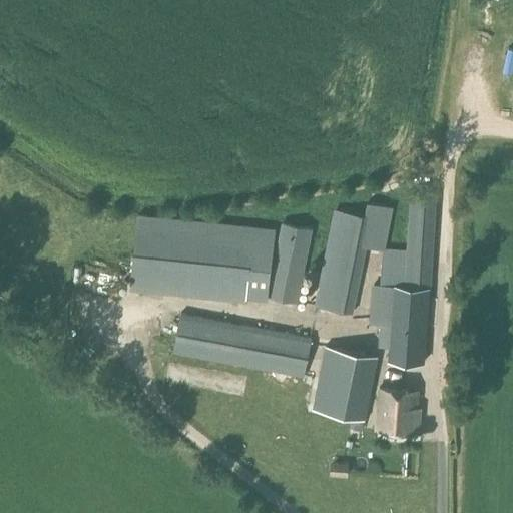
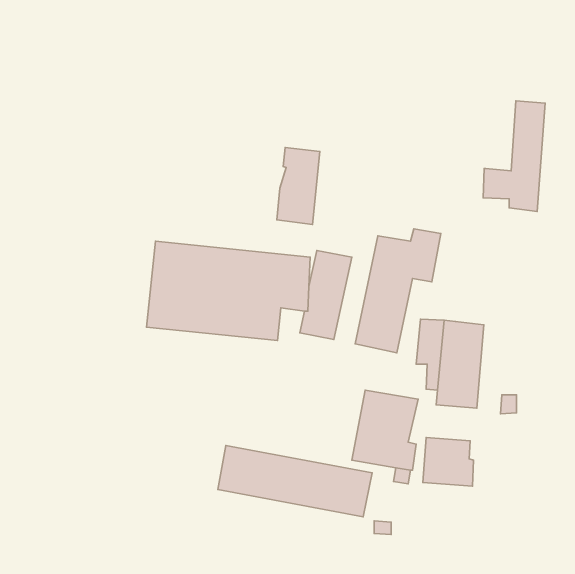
building: none -> [277,148,320,224]
building: [382,192,437,291] -> [483,101,545,211]
building: [173,315,311,378] -> [218,446,372,517]

